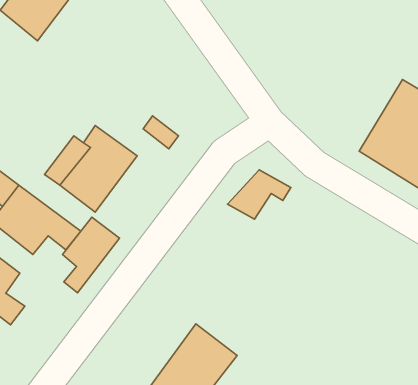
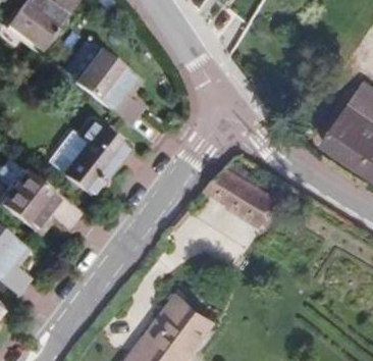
building: none -> [76,51,141,124]
building: none -> [230,181,274,221]
building: [63,217,120,293] -> none

